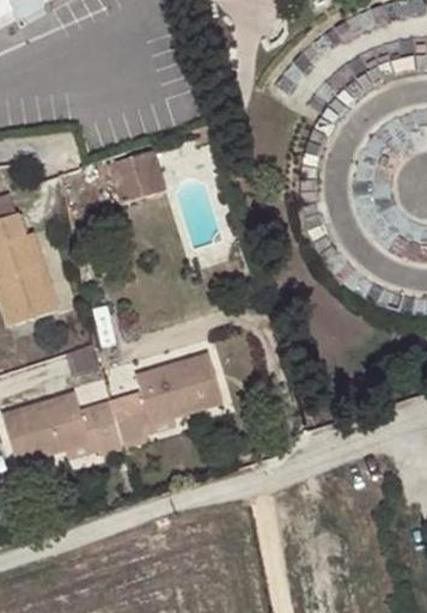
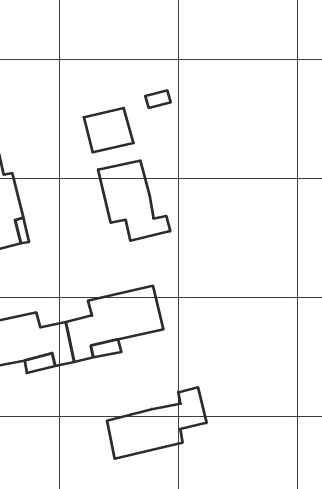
building: none -> [98,161,170,241]
building: none -> [107,387,206,459]

